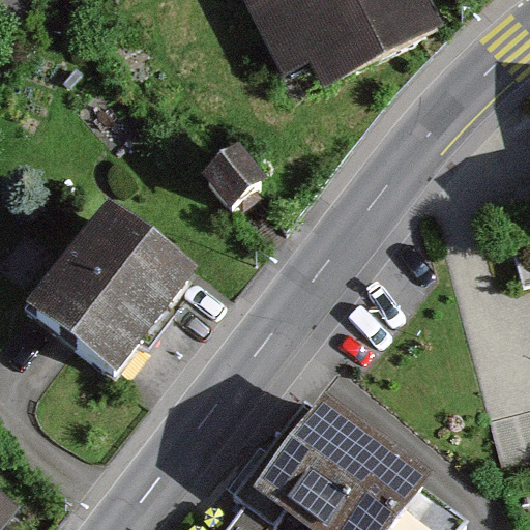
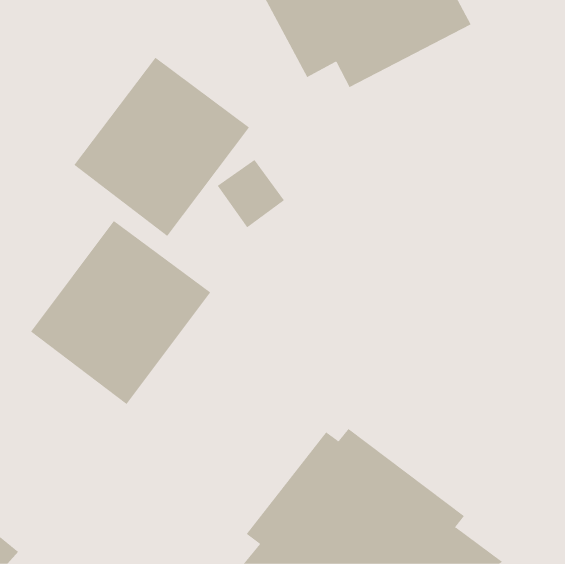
building: none -> [74,57,250,237]

